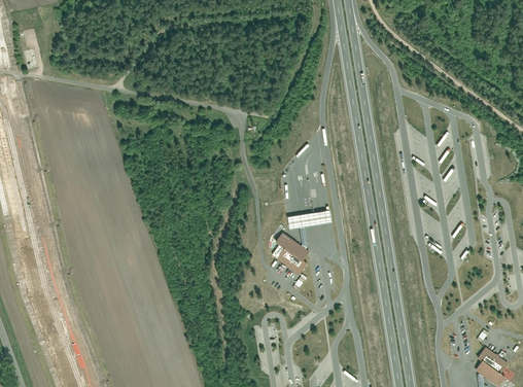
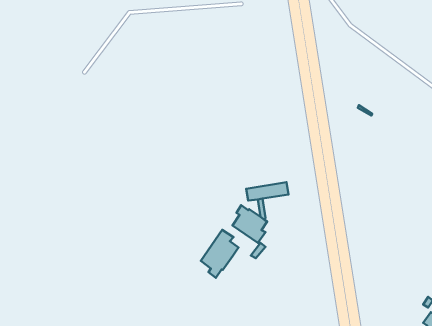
building: none -> [201,230,239,278]

